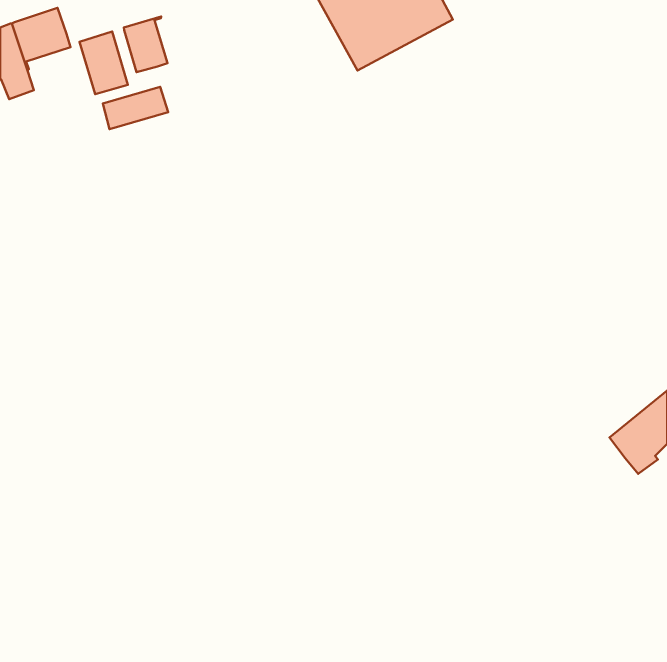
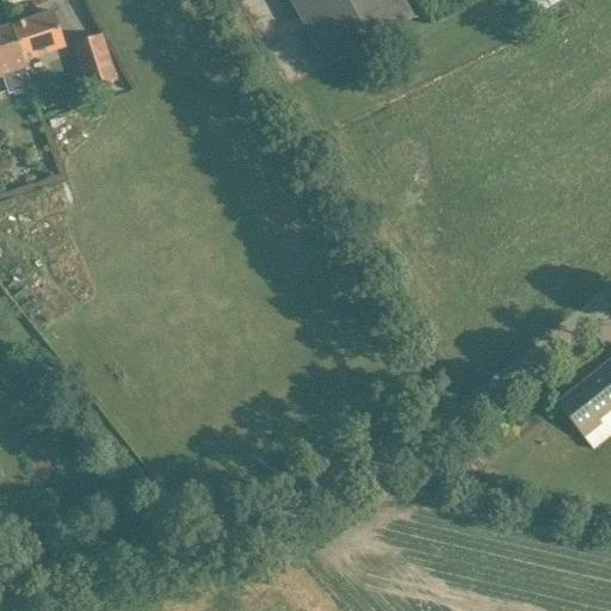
building: [124,17,168,72] -> none
building: [103,87,168,129] -> none

